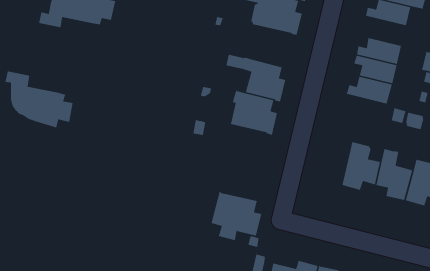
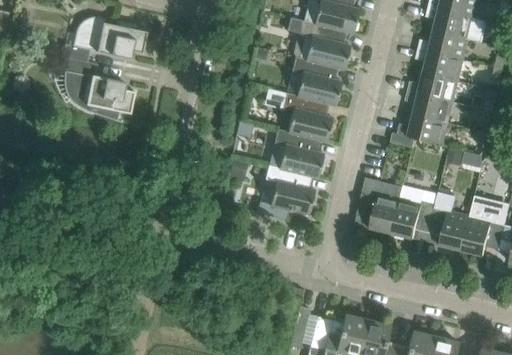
building: none -> [417,49,464,81]
building: none -> [292,58,342,106]
building: [5,70,73,128] -> [60,57,135,120]
building: none -> [358,177,403,233]
building: [211,191,262,241] -> [260,165,316,220]

